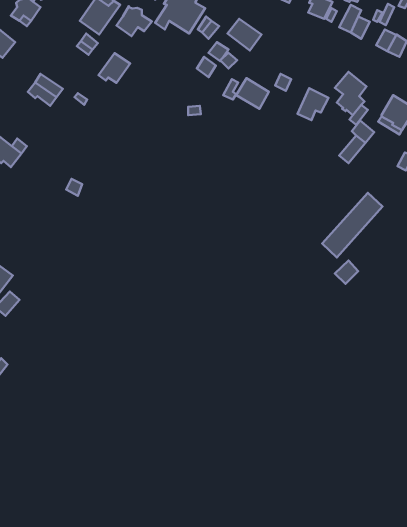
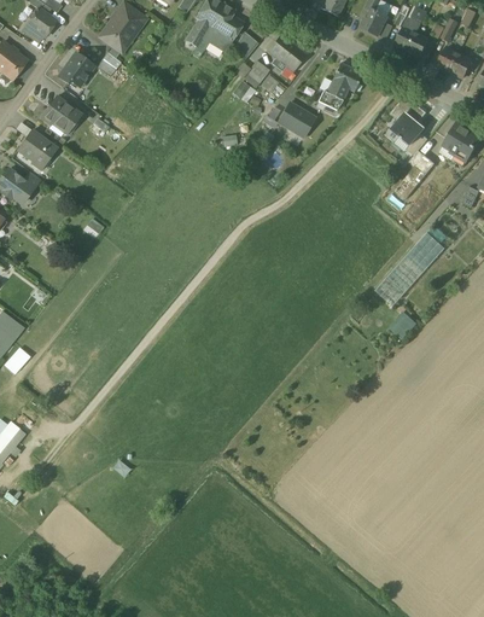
building: [116,6,152,36] -> none
building: [98,53,130,83] -> [58,52,94,86]
building: [298,88,328,120] -> [327,63,362,99]
building: none -> [17,130,56,169]

